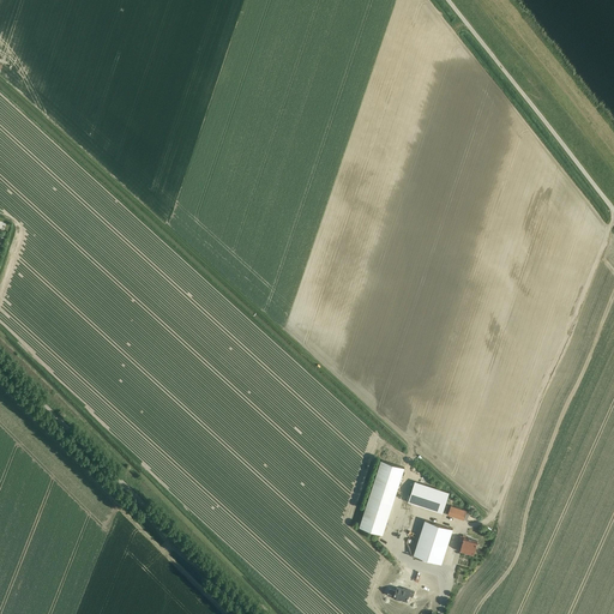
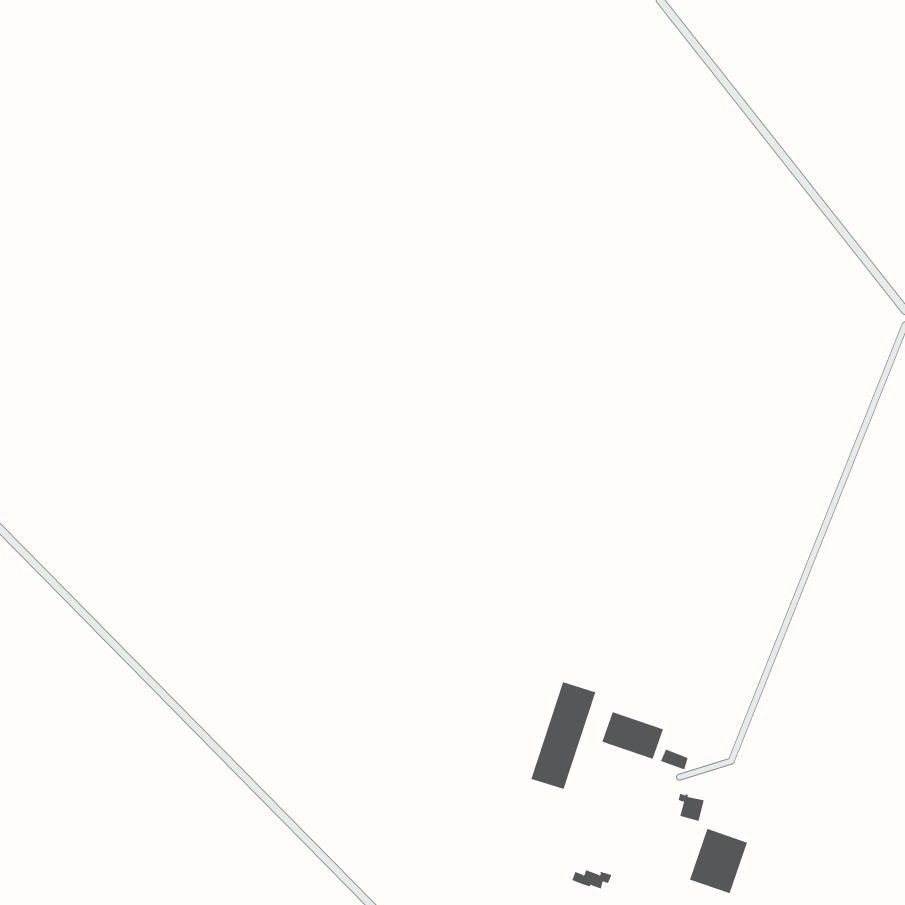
building: [413,520,452,565] -> [689,828,748,894]

